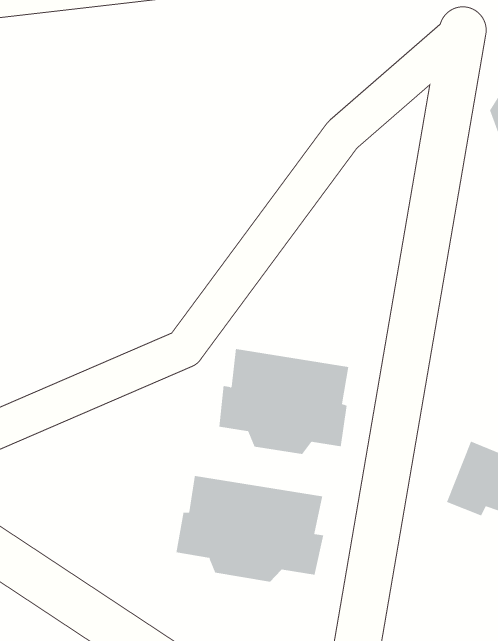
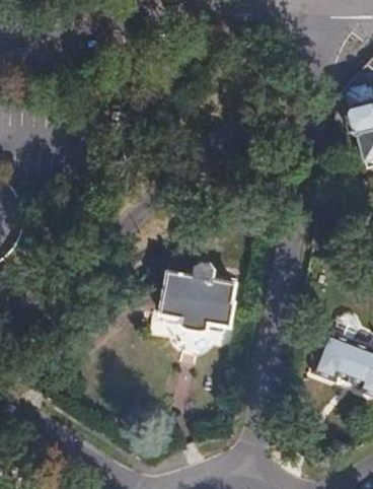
building: [176,475,324,582] -> none

